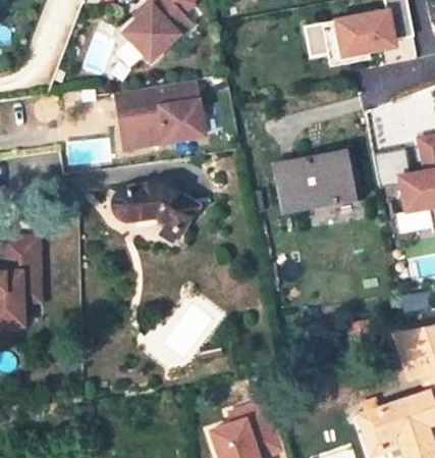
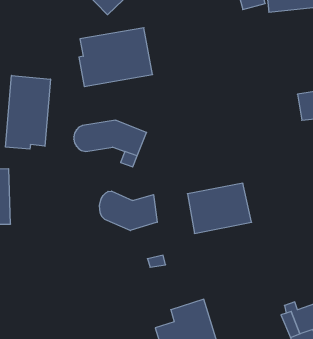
building: none -> [6,75,50,149]
building: [280,152,356,211] -> [187,183,252,233]
building: none -> [100,191,157,231]

